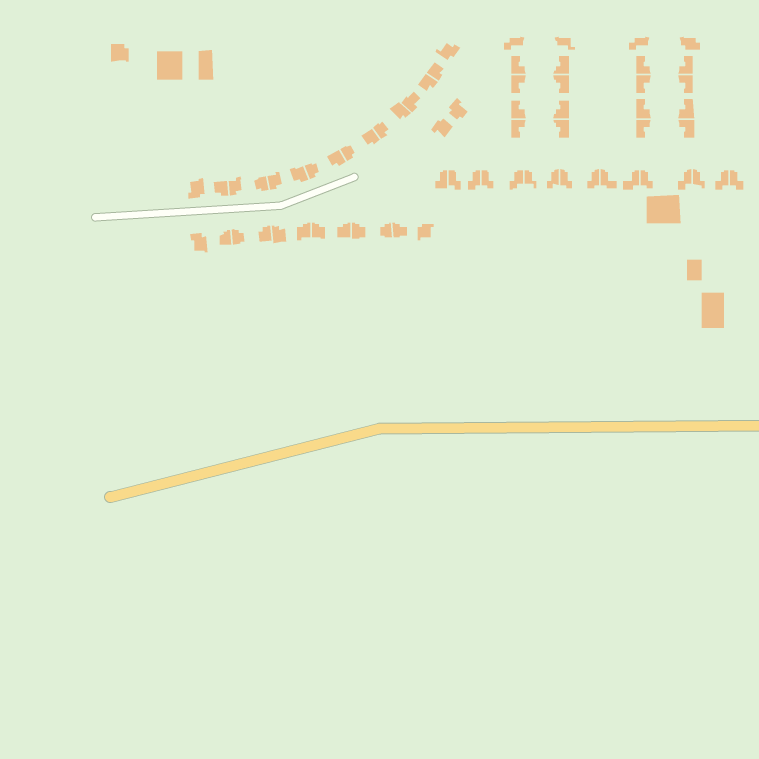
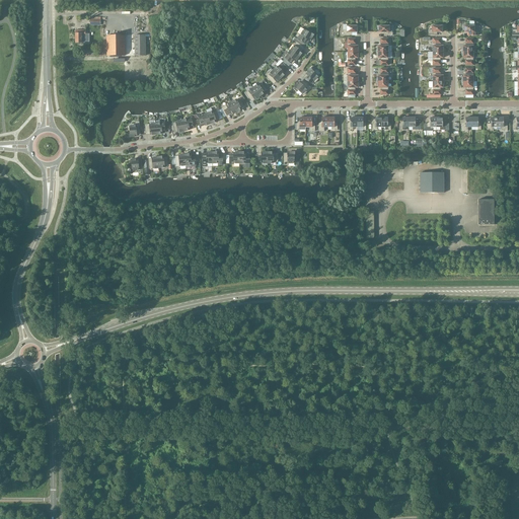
building: [646,194,681,224] -> [421,171,445,192]

